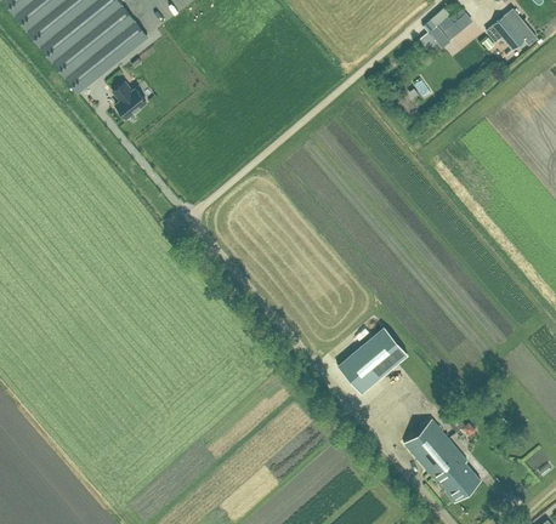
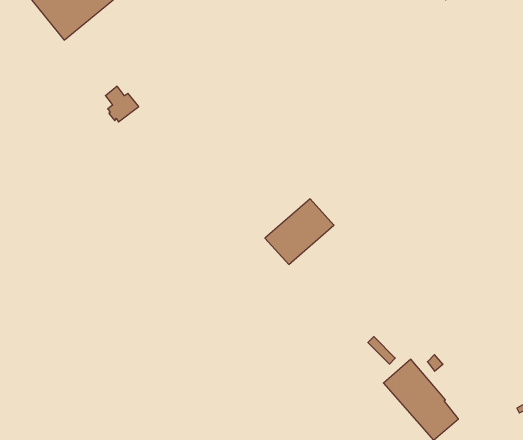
building: [112,81,146,118] -> [105,86,139,122]
building: [336,326,407,393] -> [265,199,334,264]

